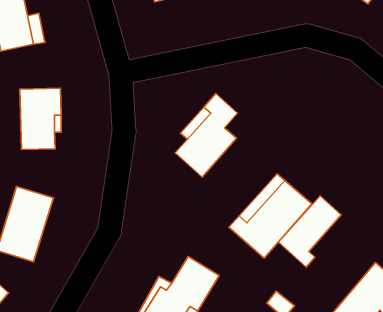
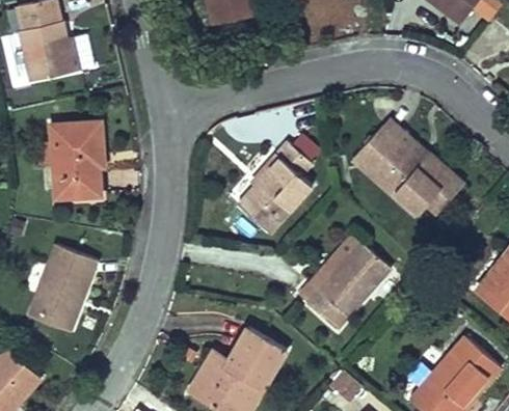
building: none -> [357,126,461,210]
building: [278,196,341,267] -> none

